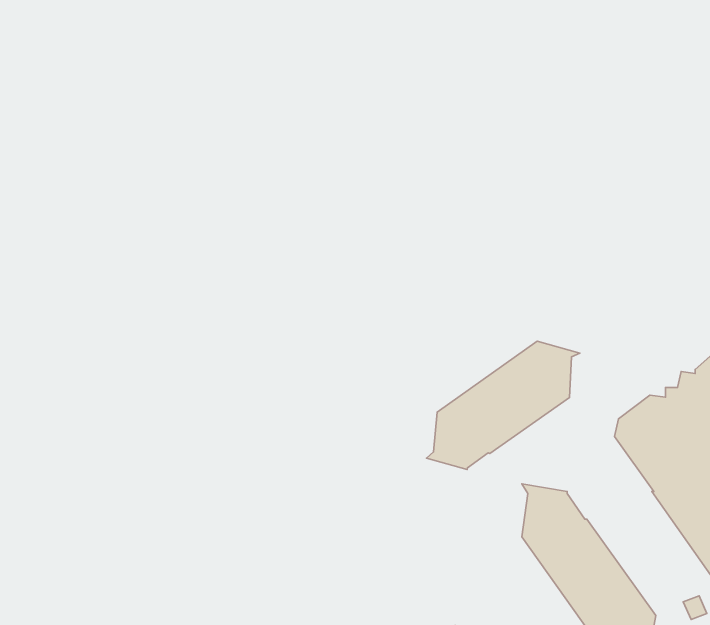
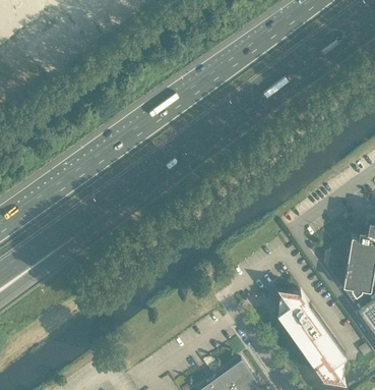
building: [426,341,580,469] -> none

